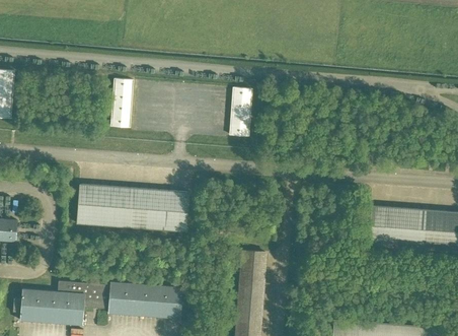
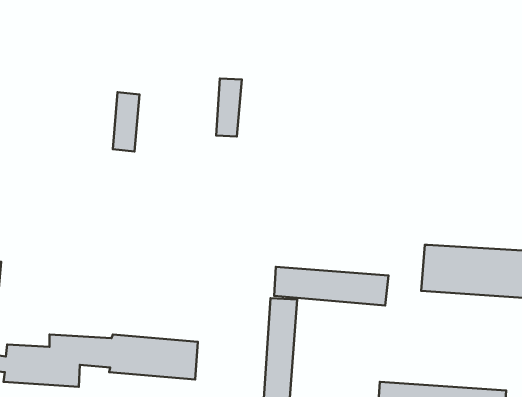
building: [230,87,251,136] -> [216,78,242,137]
building: [76,184,188,231] -> none
building: none -> [274,267,388,305]

